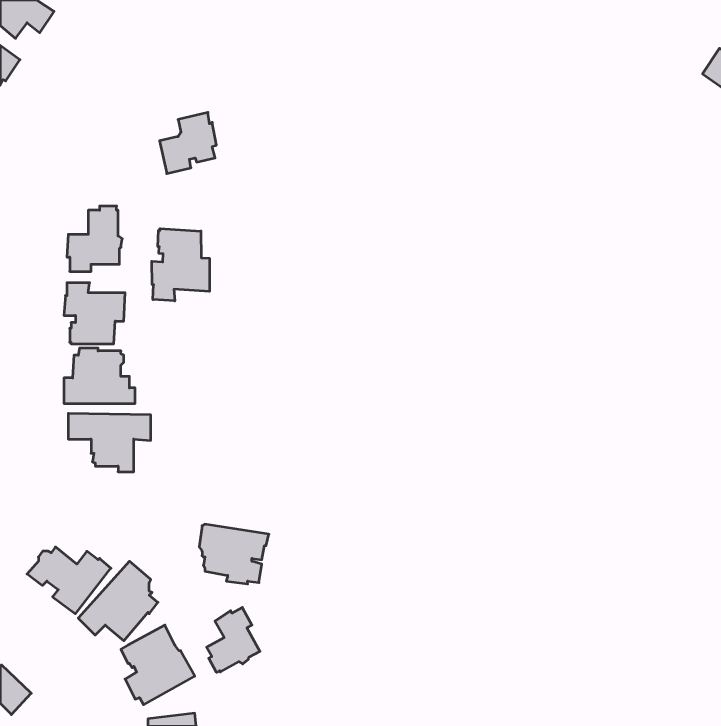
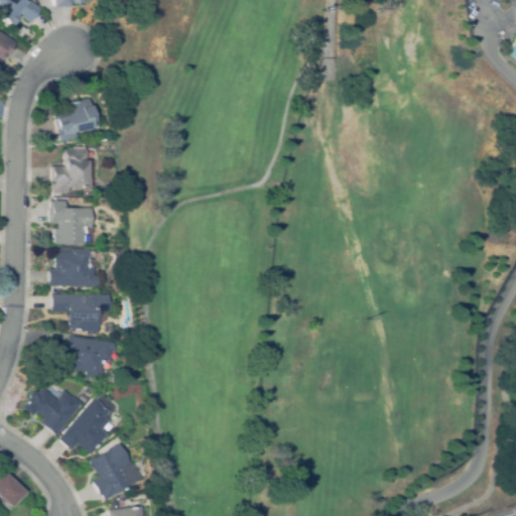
building: [160,112,216,174] -> [56,98,97,141]
building: [152,229,209,301] -> none
building: [199,524,269,584] -> [68,336,117,378]
building: [207,607,260,672] -> none

